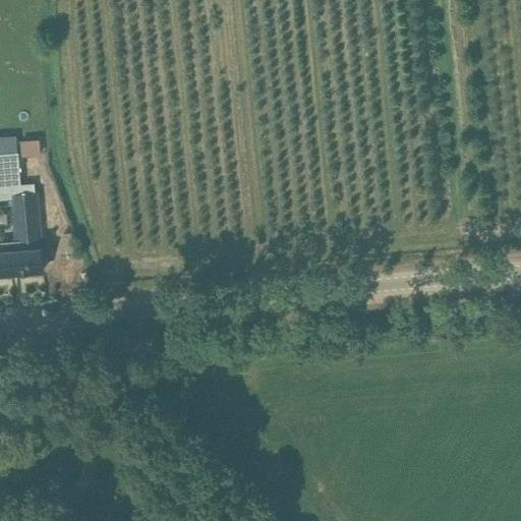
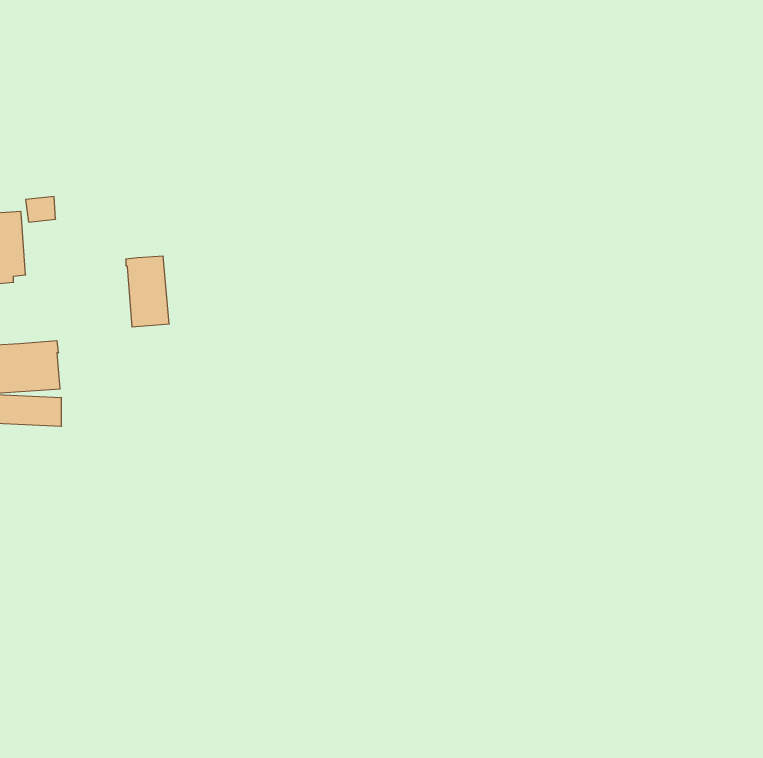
building: [9,185,39,233] -> [126,256,169,327]

